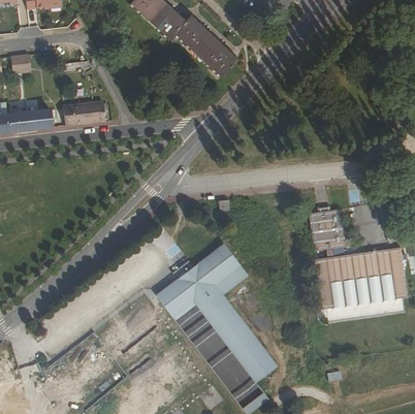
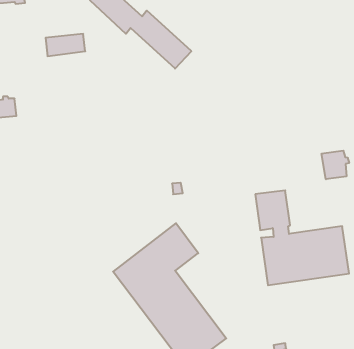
building: [64,102,106,126] -> [46,34,85,56]
building: none -> [322,151,349,179]

